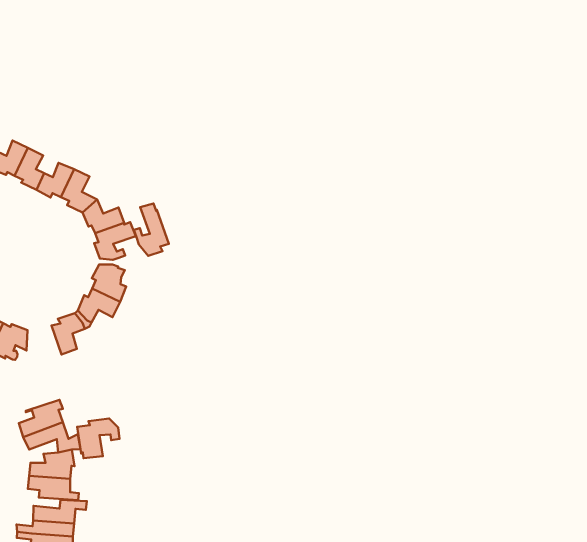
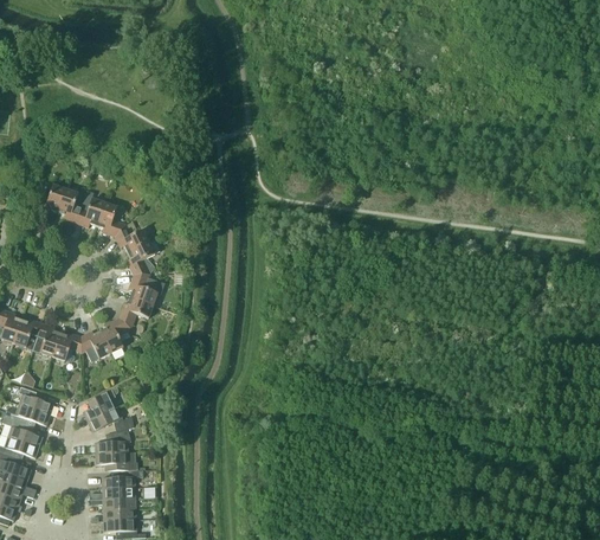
building: [134,204,169,256] -> none
building: none -> [80,329,110,358]
building: [77,418,119,458] -> none

